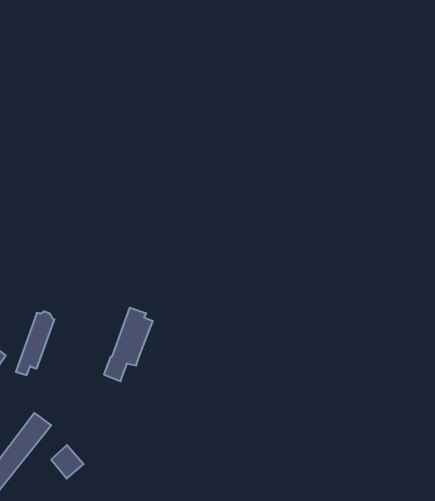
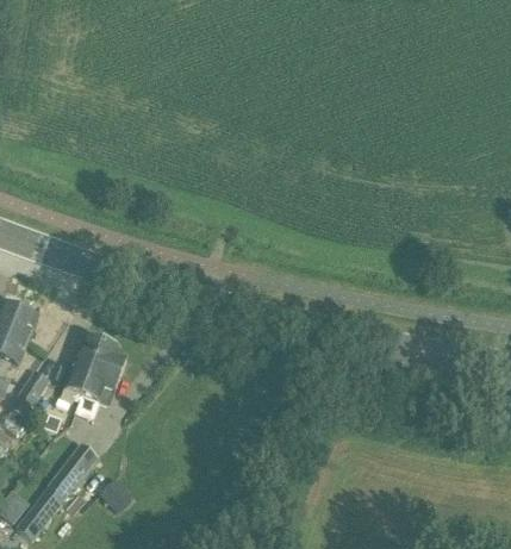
building: [104,308,153,381] -> [71,344,124,423]

